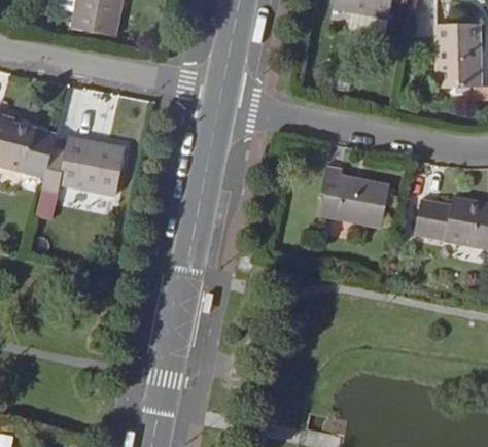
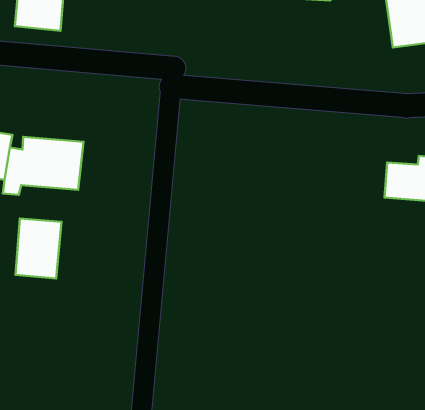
building: [317,166,396,227] -> none
building: none -> [15,218,62,278]

